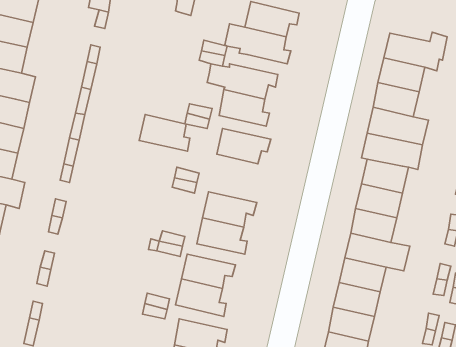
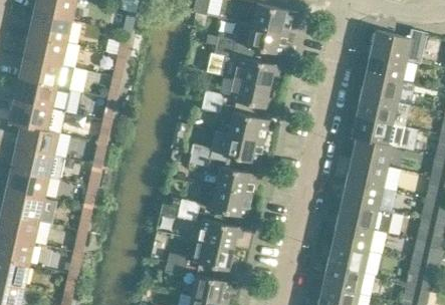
building: [139,115,190,151] -> [223,133,266,165]

